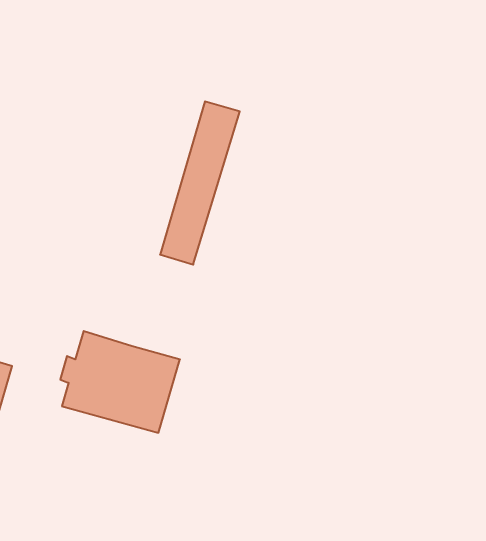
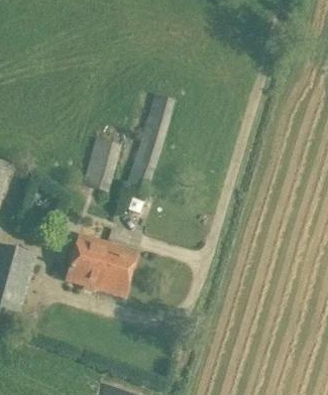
building: none -> [82,136,121,189]

